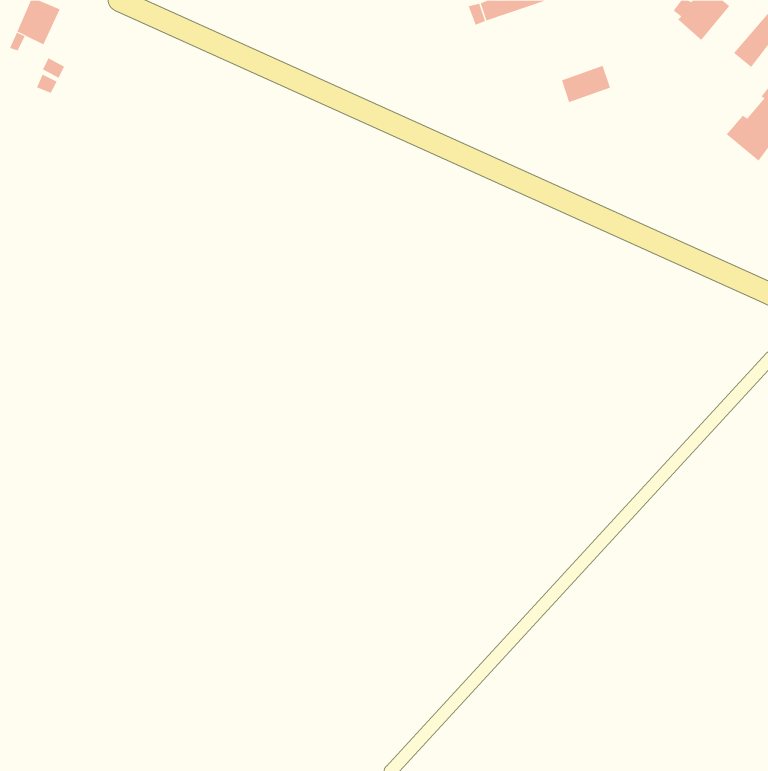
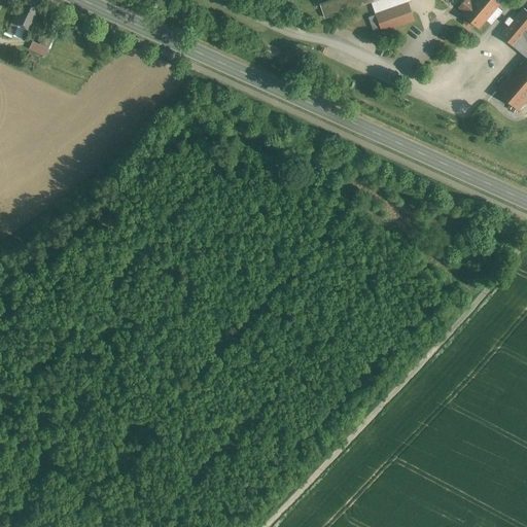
building: [561,65,611,103] -> [379,4,413,30]

